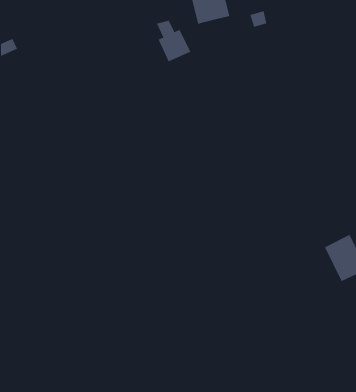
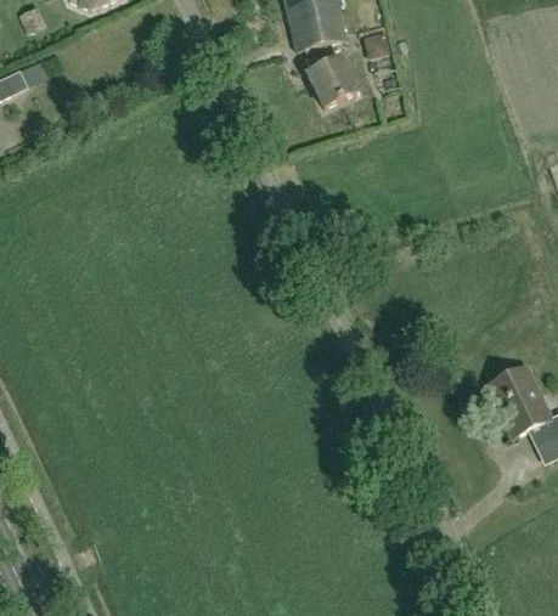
building: [156,20,191,62] -> [305,44,357,107]

